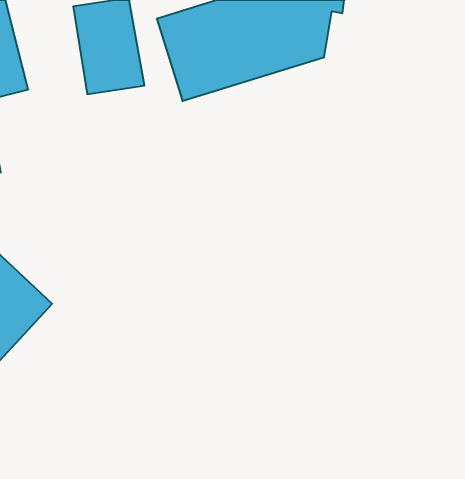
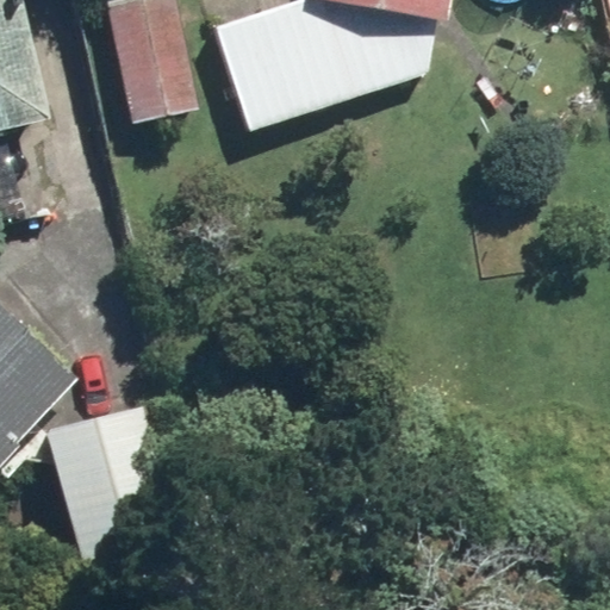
building: none -> [44,409,167,571]

